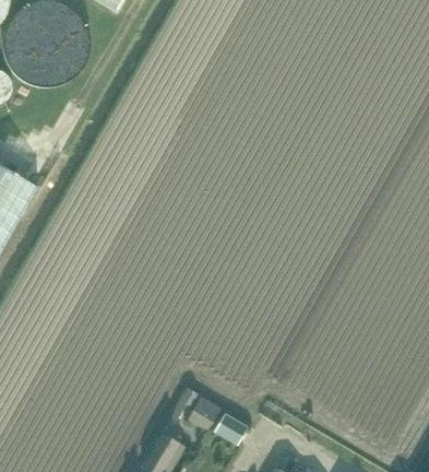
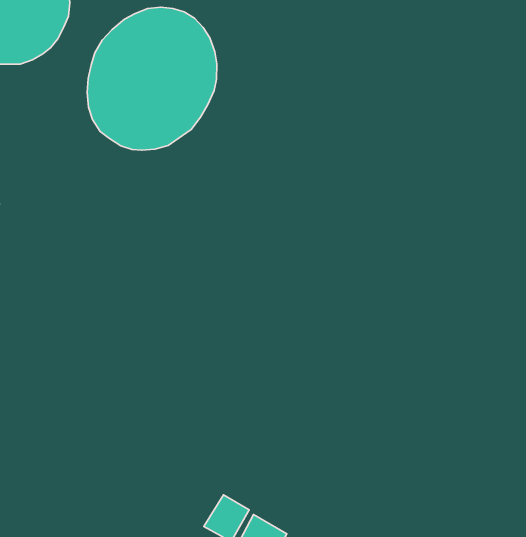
building: none -> [87,7,217,150]

